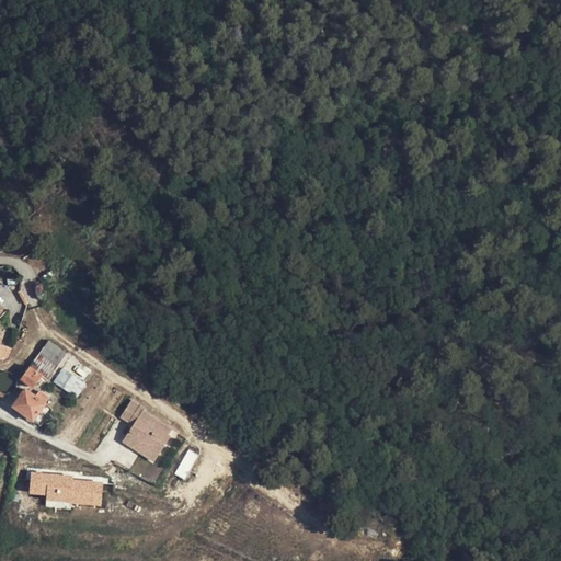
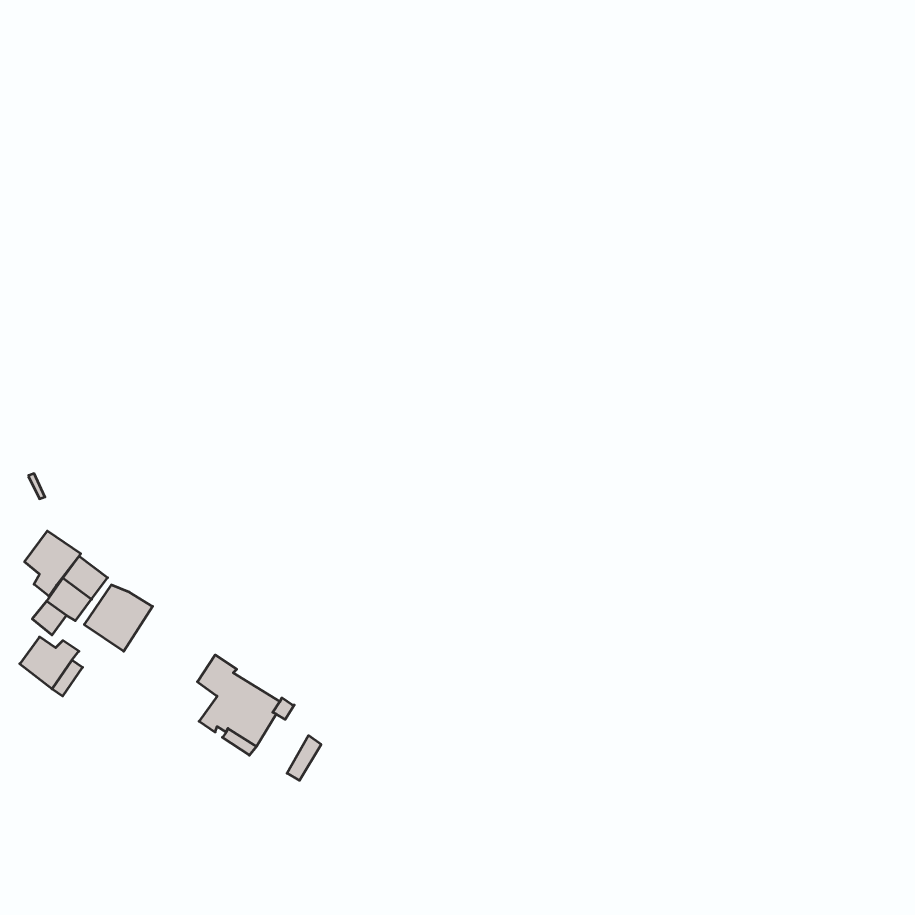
building: none -> [25,531,81,596]
building: [26,471,98,504] -> none

